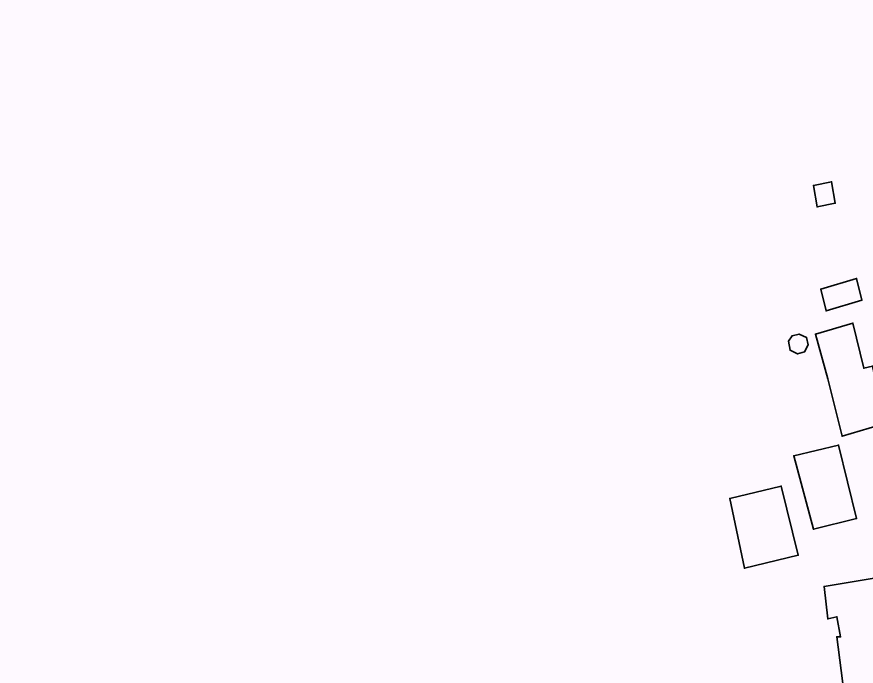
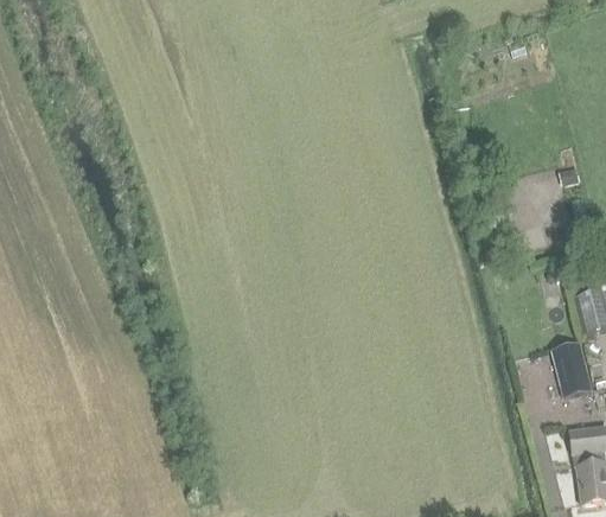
building: [730,486,798,568] -> none

